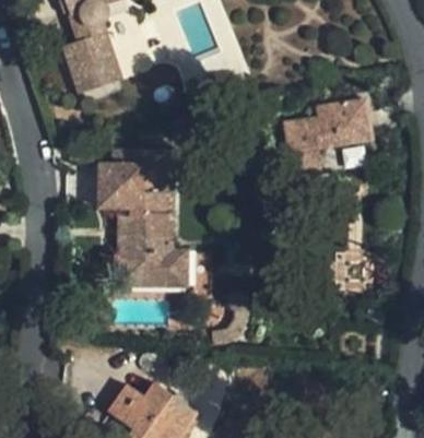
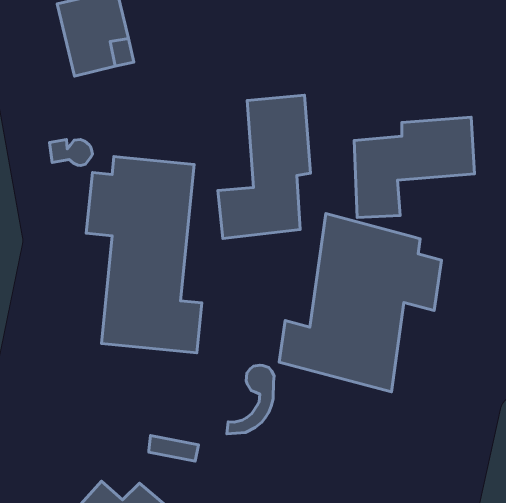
building: none -> [218,95,311,239]
building: none -> [279,214,441,392]

